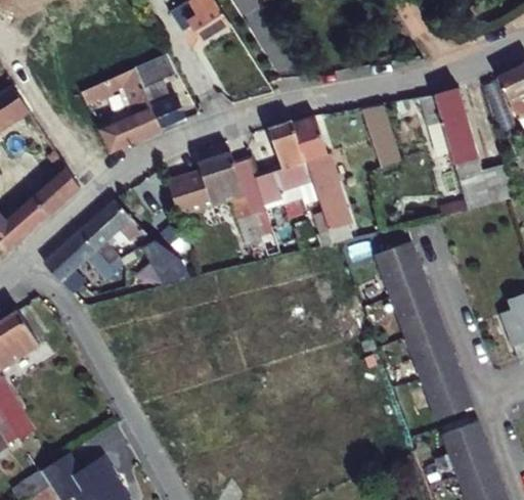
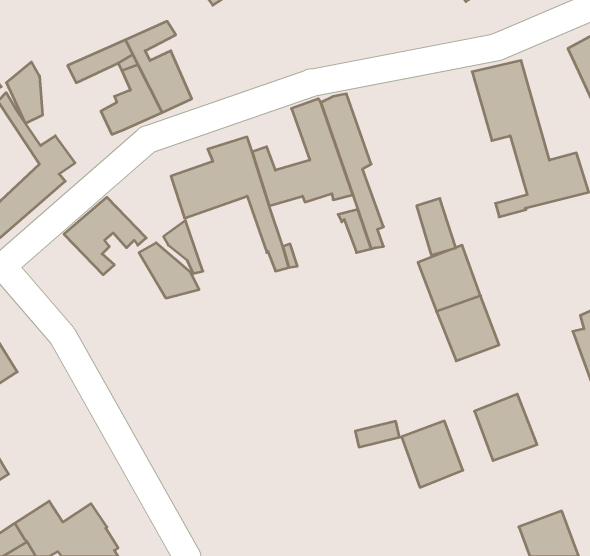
building: none -> [6,62,43,123]
building: [368,120,401,167] -> [417,198,456,255]
building: [45,231,112,297] -> none
building: [405,323,456,378] -> [401,421,463,487]
building: [442,420,493,474] -> none

